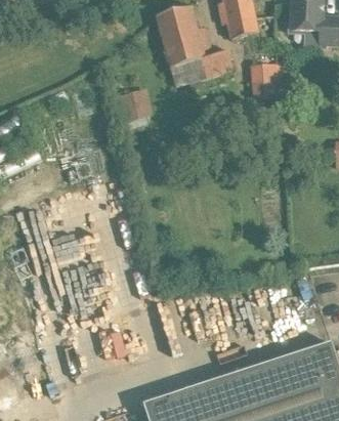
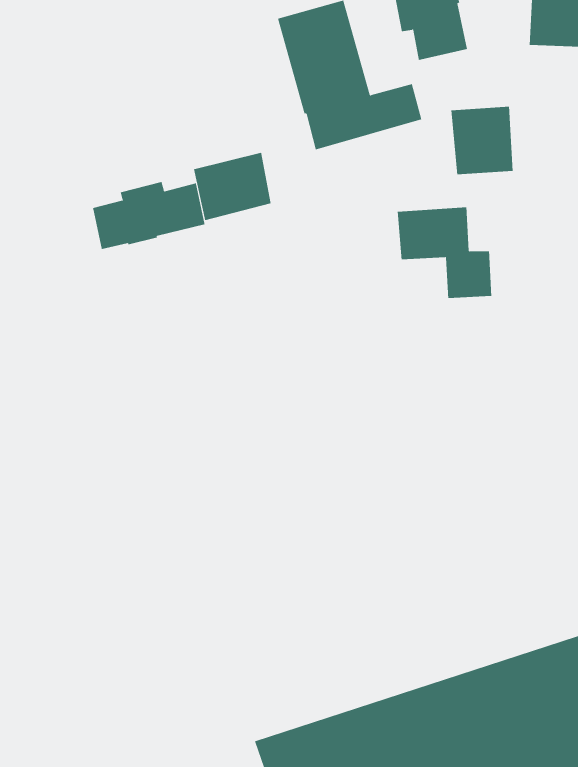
building: none -> [93,181,205,250]
building: none -> [397,207,492,299]

